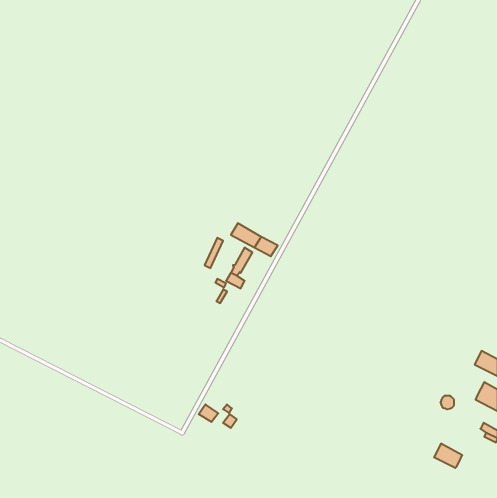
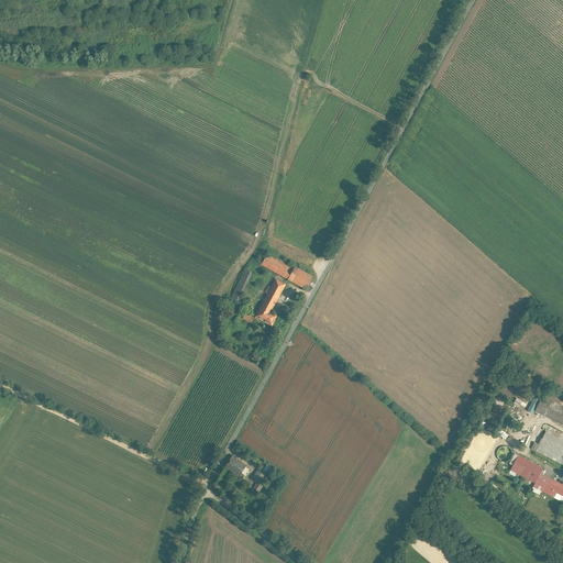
building: [434,444,462,468] -> [512,455,544,483]

